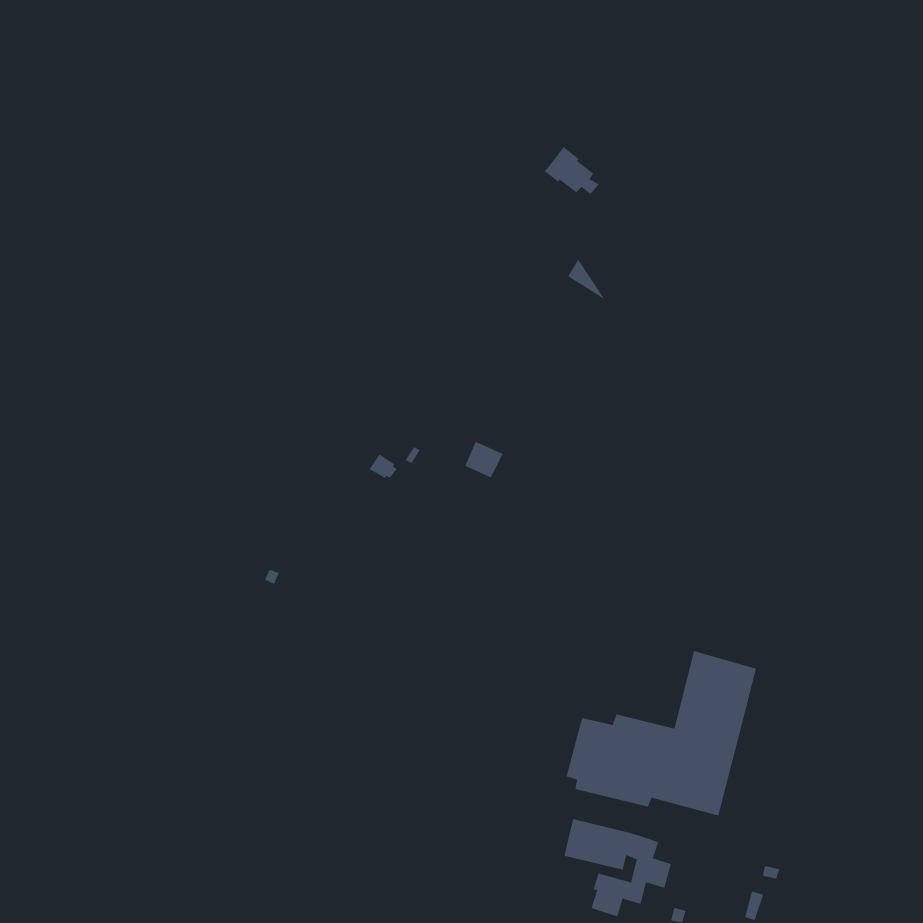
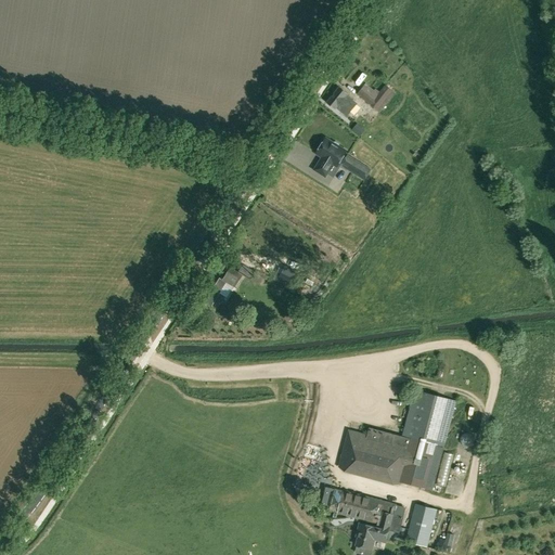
building: none -> [356,83,392,111]
building: none -> [314,138,347,177]
building: none -> [405,505,437,547]

